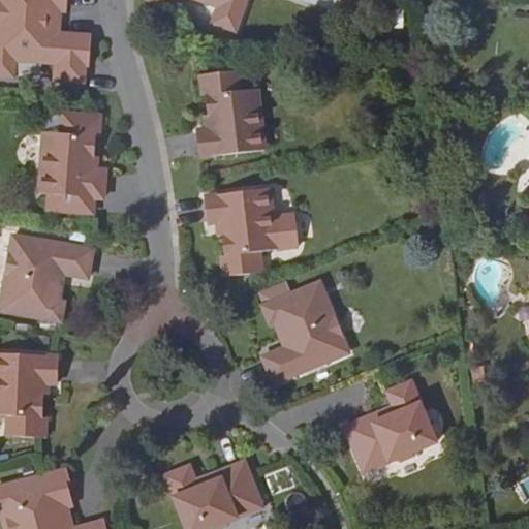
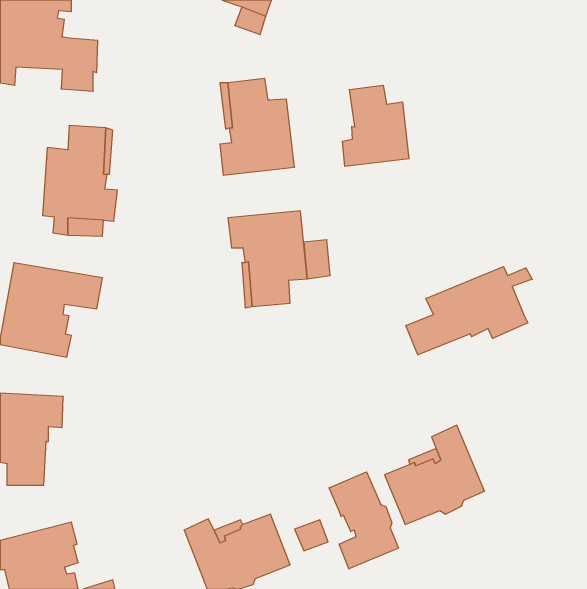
building: none -> [342,85,409,166]
building: none -> [406,267,532,355]
building: [262,282,348,383] -> none
building: none -> [329,472,398,569]

